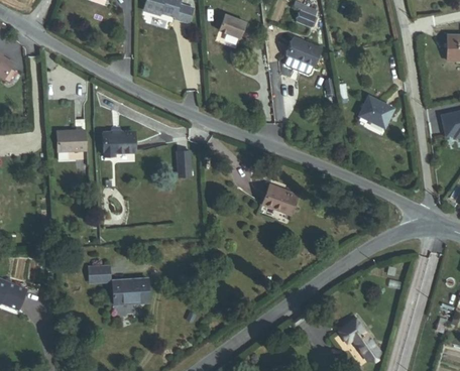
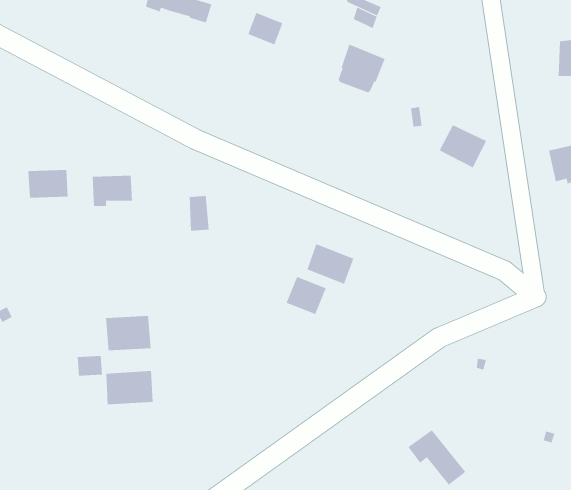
building: none -> [286,276,327,315]
building: none -> [106,315,151,351]

